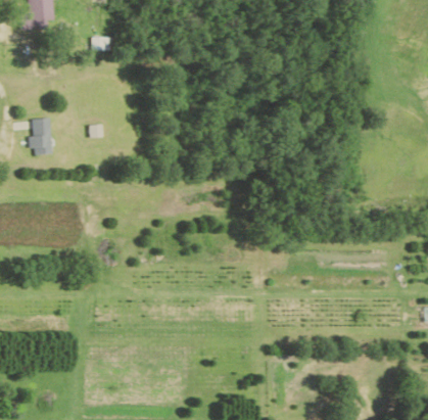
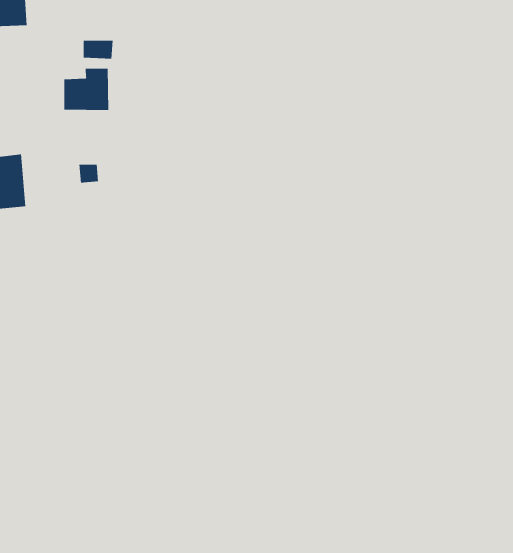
building: none -> [64,68,109,111]

